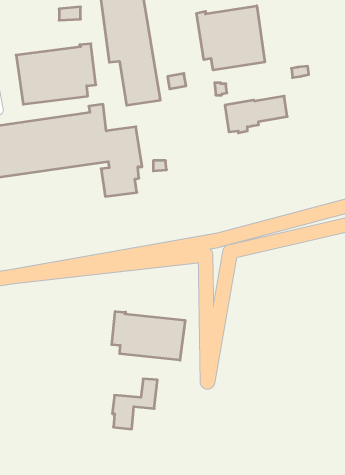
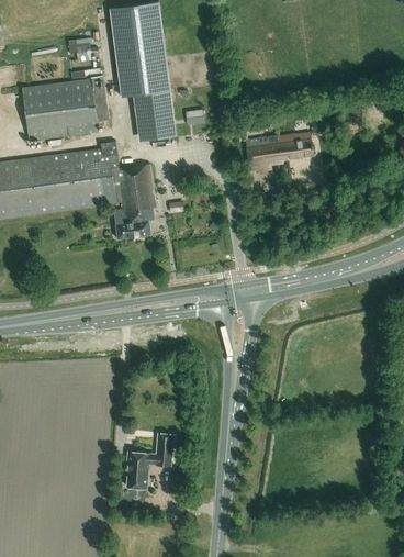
building: [197,6,265,70] -> none
building: [112,311,185,360] -> none

